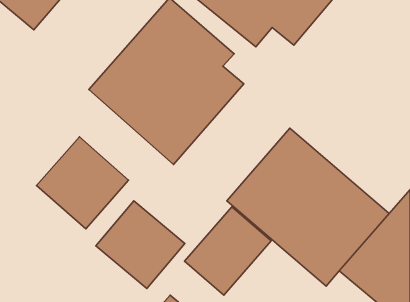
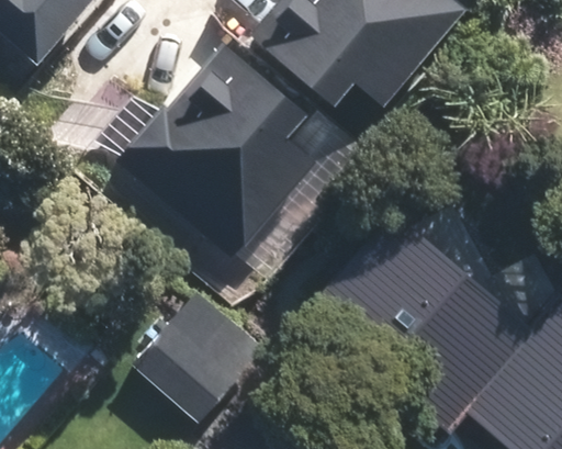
building: [37,137,129,229] -> none
building: [185,207,271,295] -> none

